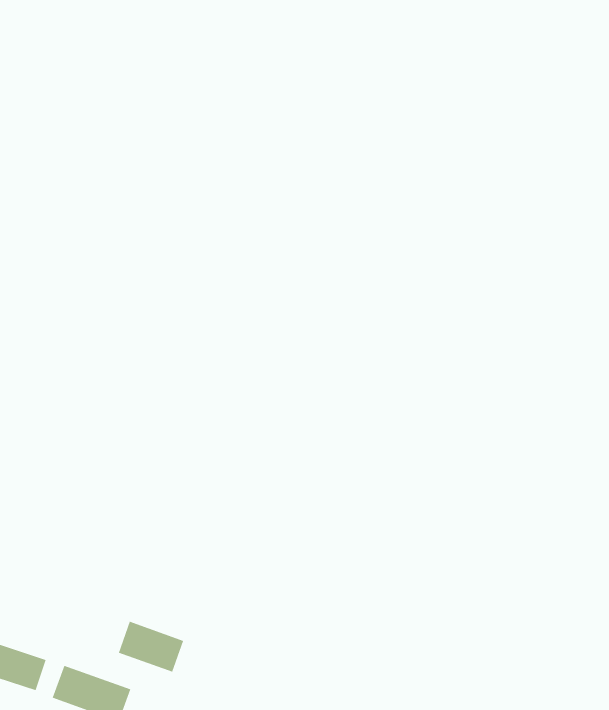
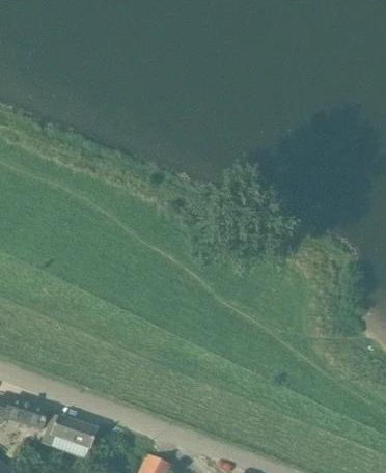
building: [118,621,184,673] -> none

